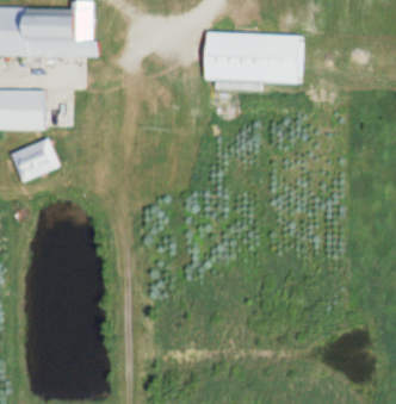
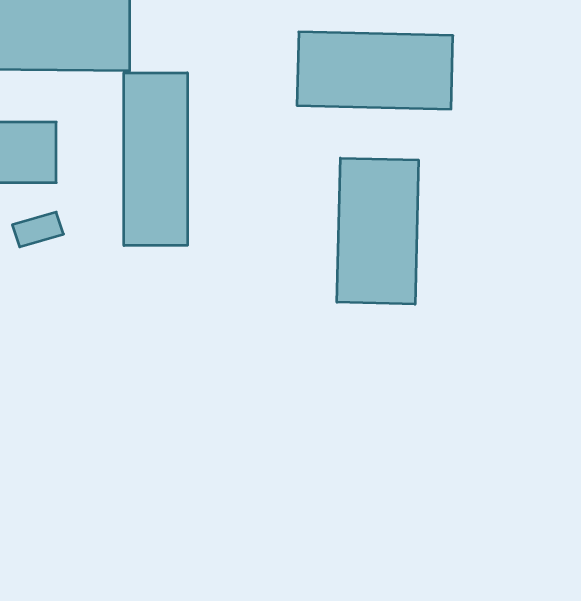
building: none -> [124,73,187,246]
building: none -> [337,158,418,304]

